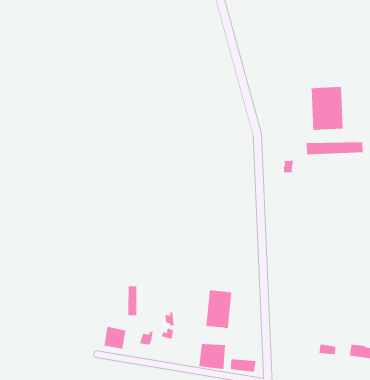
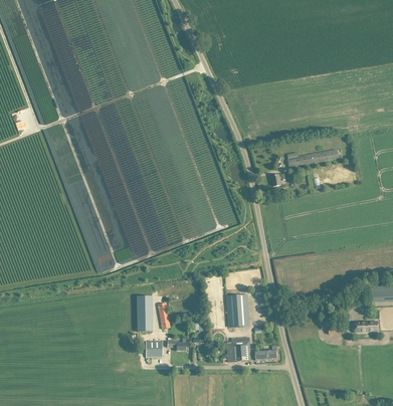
building: [311,86,343,131] -> none
building: none -> [136,295,152,332]

